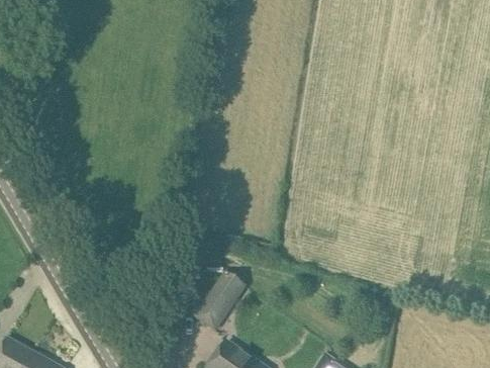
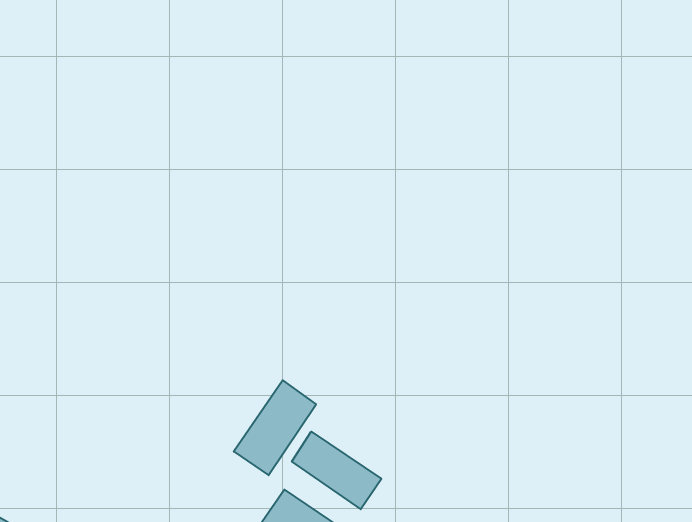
building: none -> [292,432,381,509]

